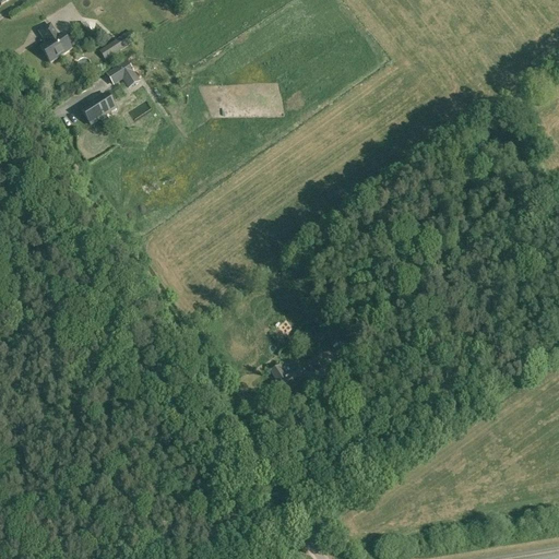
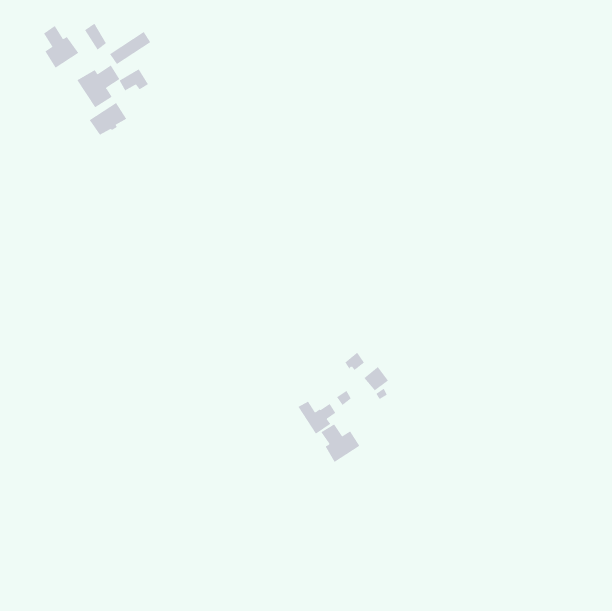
building: none -> [77,65,120,108]
building: none -> [321,423,360,463]

